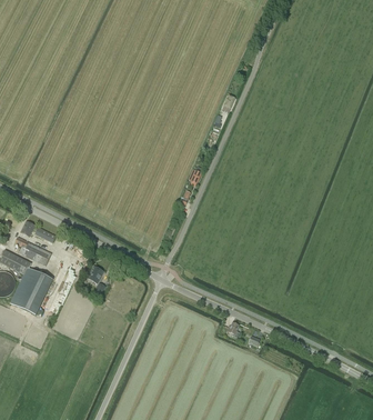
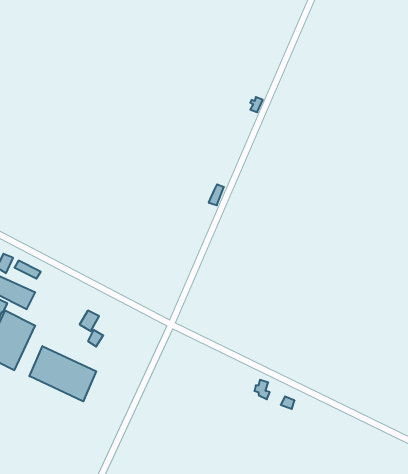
building: none -> [29,346,96,401]

